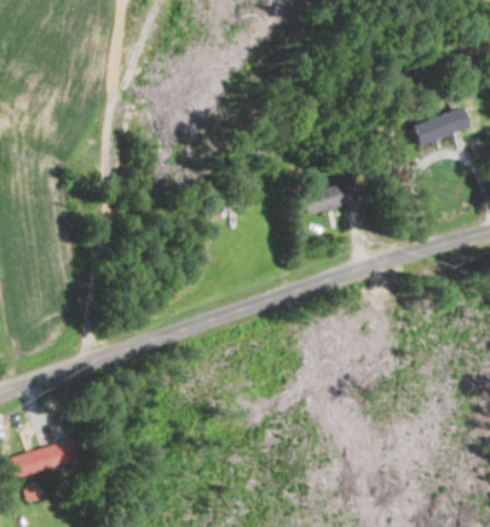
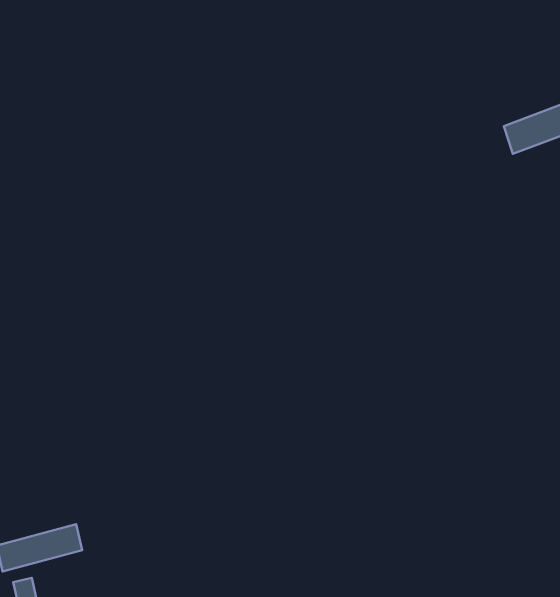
building: [305,183,352,216] -> none

